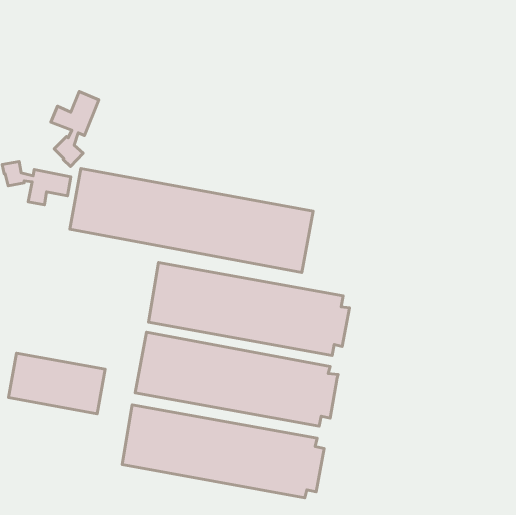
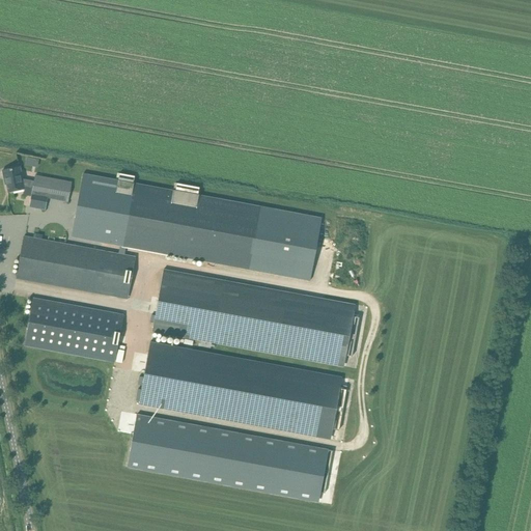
building: [51,91,99,166] -> none
building: none -> [17,235,134,297]
building: [8,353,105,414] -> [24,299,123,361]

